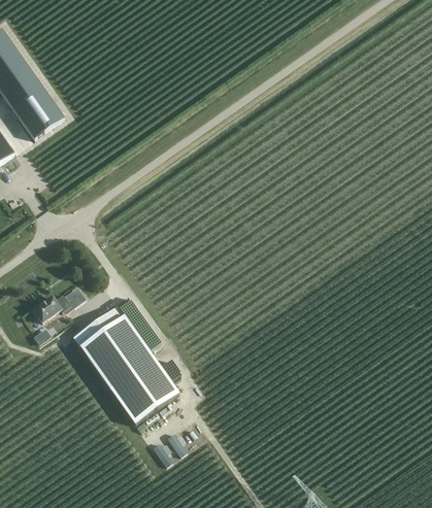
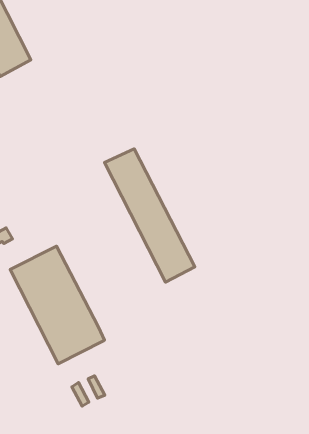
building: none -> [104,149,195,282]

